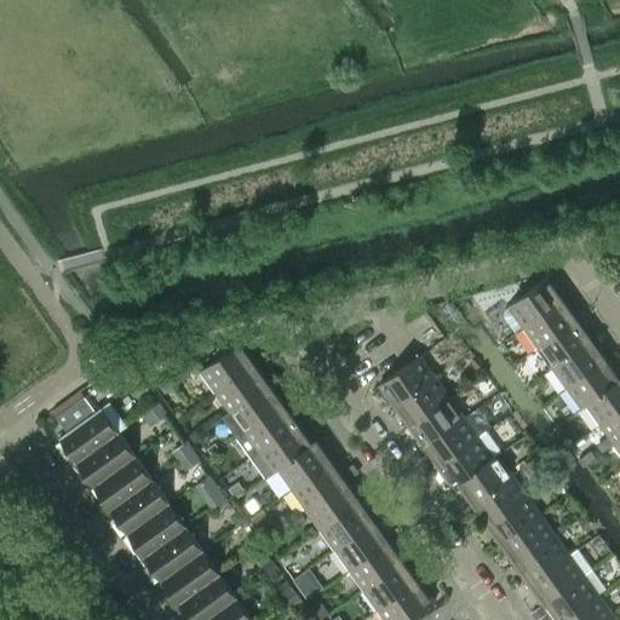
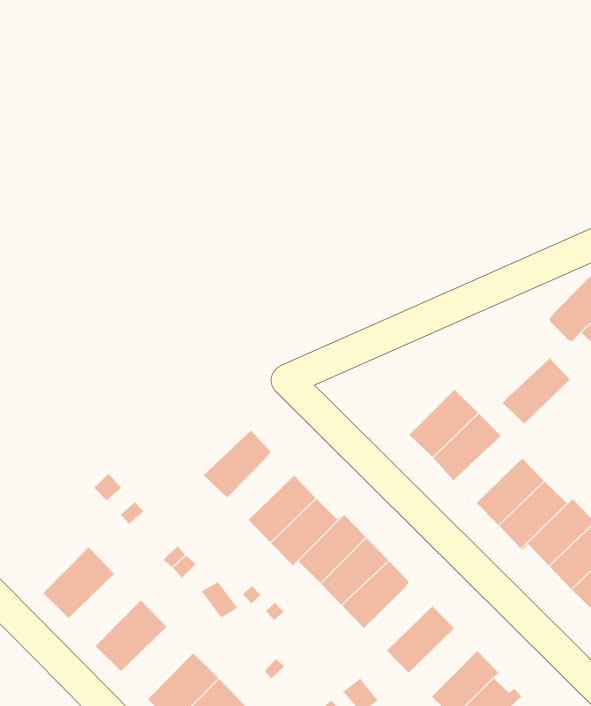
building: [200,343,257,394] -> none
building: [230,384,285,434] -> none
building: [56,398,126,465] -> none
building: [407,400,463,448] -> [502,358,571,424]
building: [93,459,151,512] -> none
building: [320,501,375,551] -> none
building: [127,506,185,559] -> none
building: [349,542,404,592] -> none

